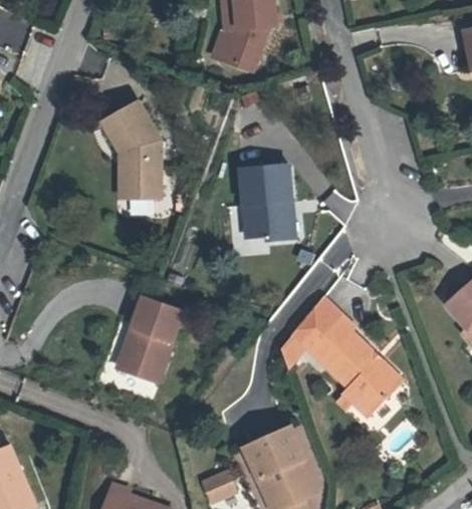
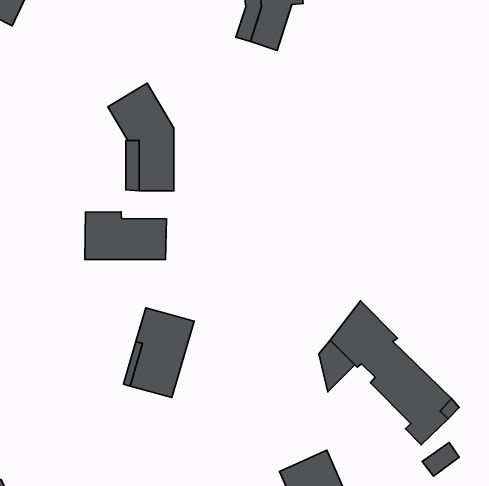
building: [241,170,292,247] -> none
building: none -> [85,212,166,259]

